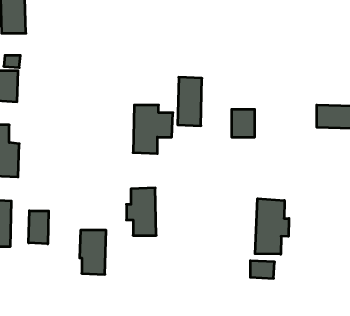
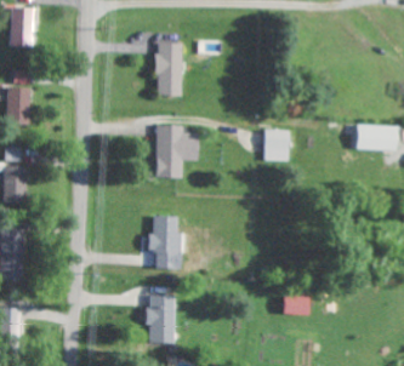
building: [178,77,202,126] -> [157,42,183,96]
building: [255,199,289,254] -> none
building: [29,211,49,244] -> none
building: [80,230,106,274] -> [146,296,175,344]

